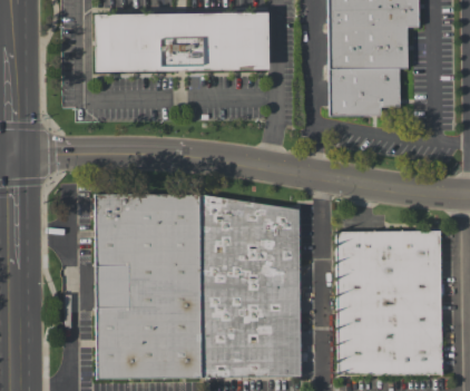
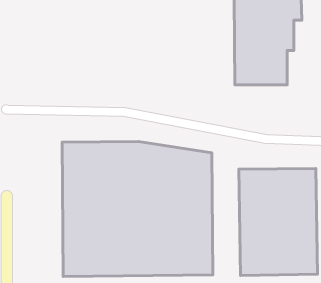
building: [91,12,266,74] -> none

